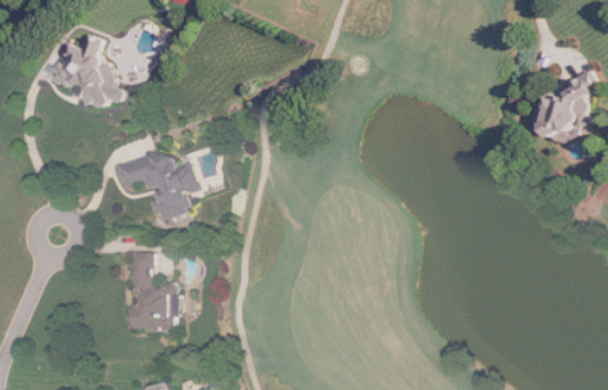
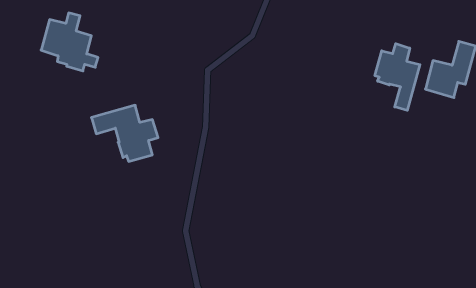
building: none -> [375,44,420,110]
building: [131,252,178,332] -> none

